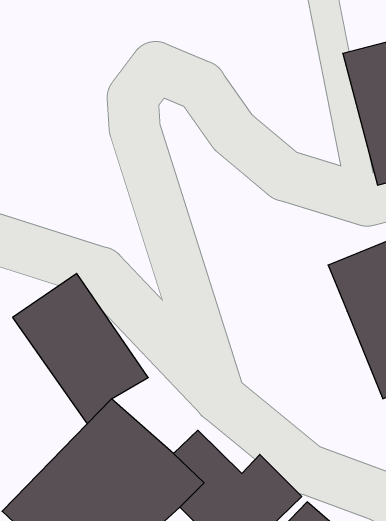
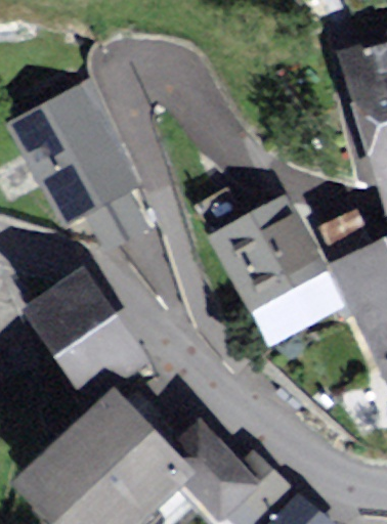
building: none -> [11,86,147,248]
building: none -> [212,193,344,345]

